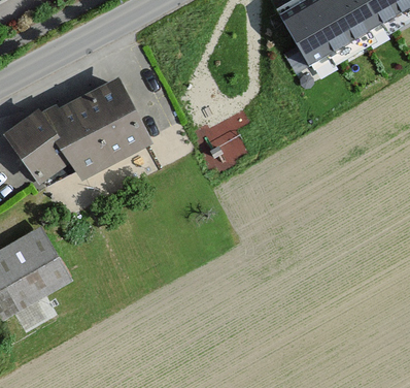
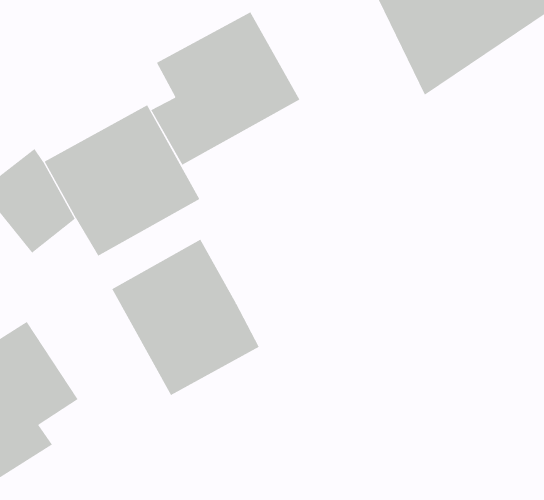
building: none -> [150,11,300,165]
building: none -> [112,239,259,396]

